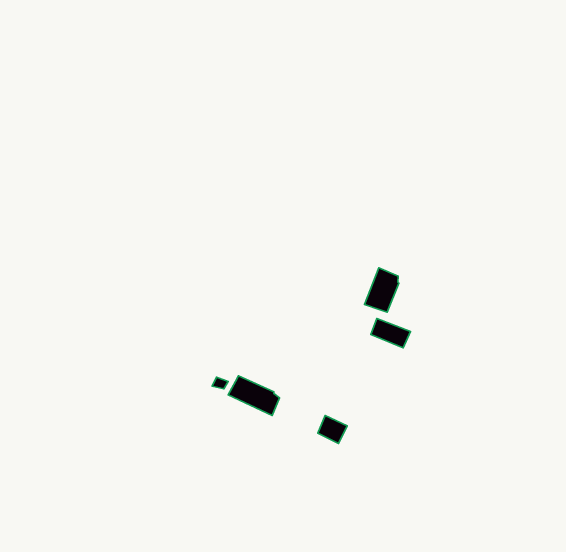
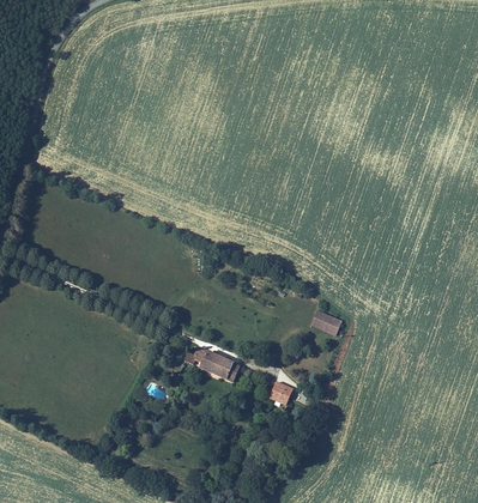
building: [364,268,399,312] -> none

